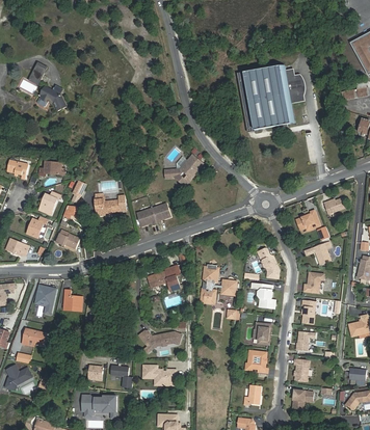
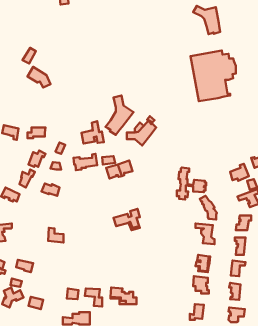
building: none -> [193,6,220,34]
building: none -> [106,95,134,135]
building: none -> [81,121,104,144]
building: [202,264,239,304] -> [177,168,206,200]
building: [34,285,57,315] -> none
building: [140,329,183,349] -> none

